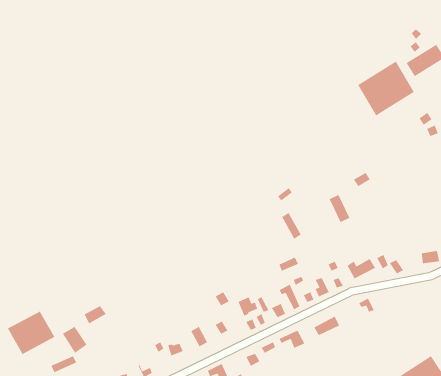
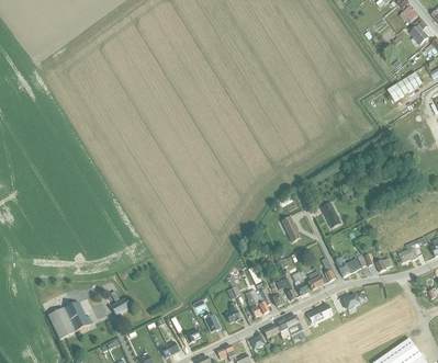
building: [357,61,415,116] -> none

